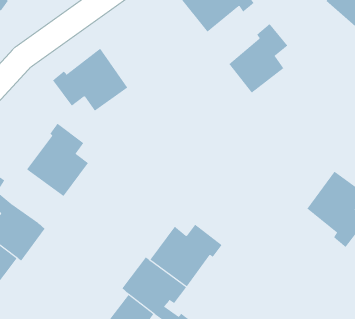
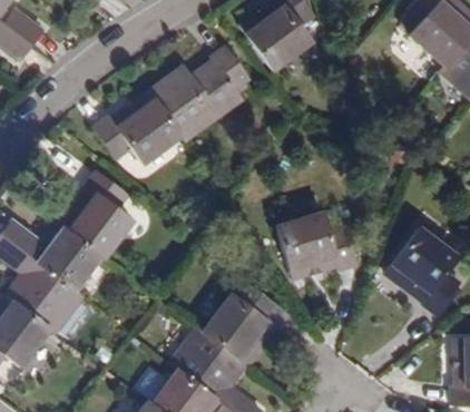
building: none -> [147,43,244,133]
building: [228,23,288,94] -> none
building: none -> [274,214,353,279]
building: none -> [43,229,100,290]

